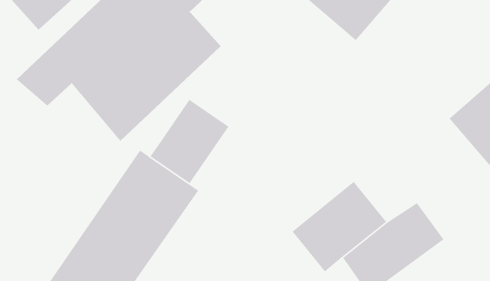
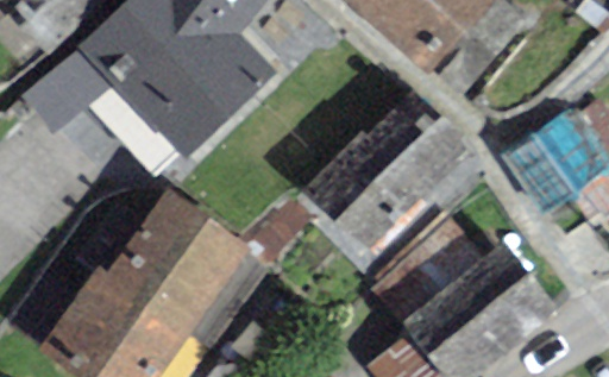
building: none -> [319,90,460,234]
building: [149,99,230,184] -> none

